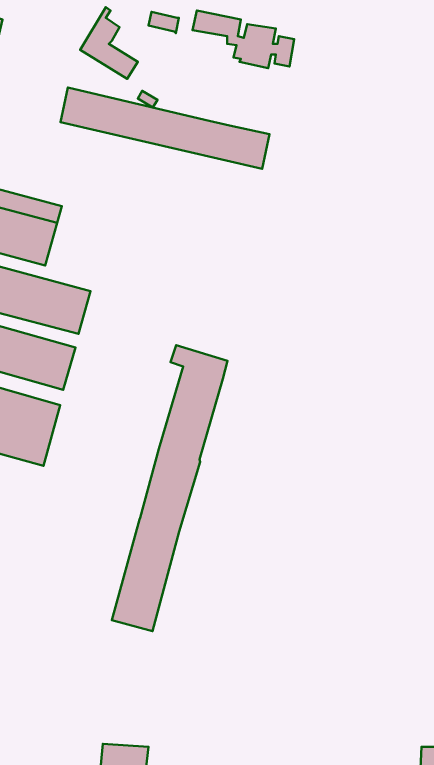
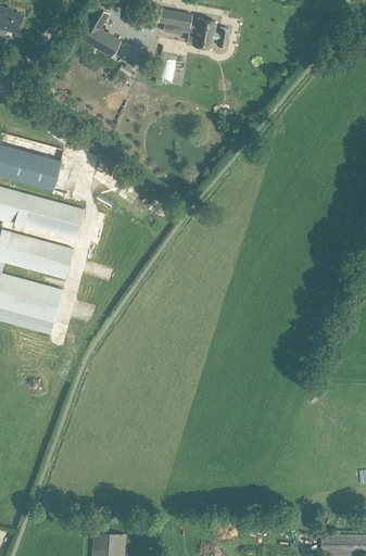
building: [60,88,270,169] -> none
building: [112,345,227,631] -> none

